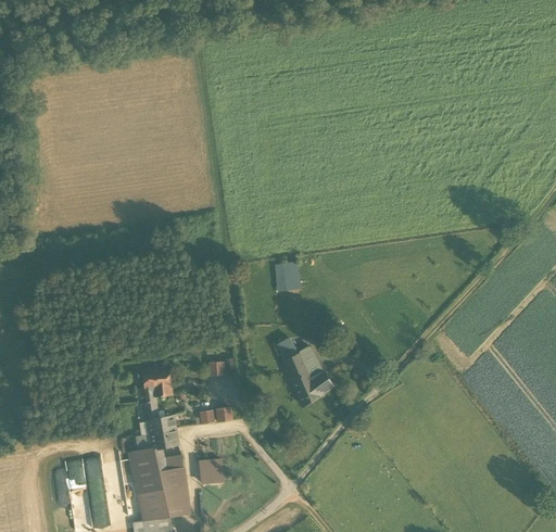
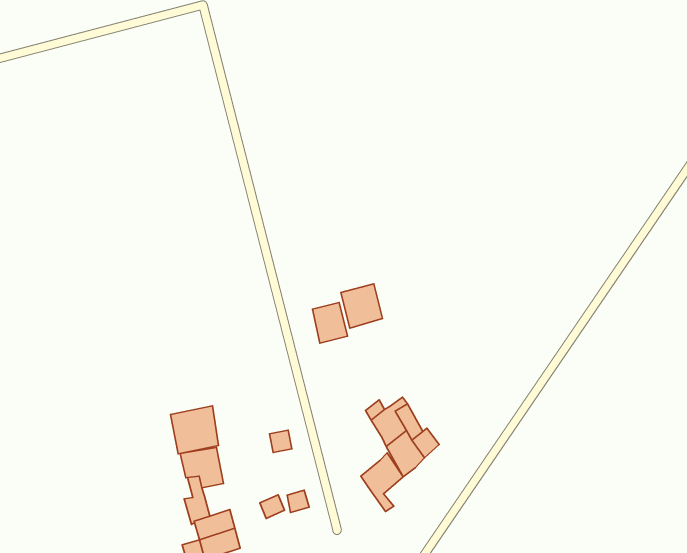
building: none -> [313,303,348,343]
building: none -> [170,406,219,454]
building: none -> [361,453,403,511]

